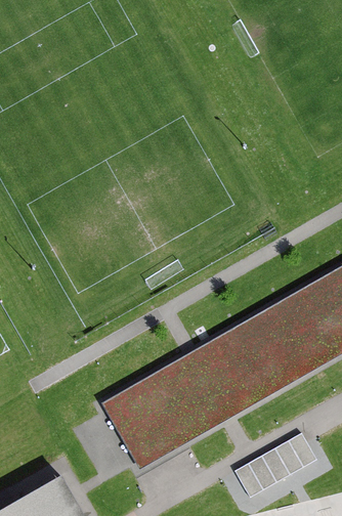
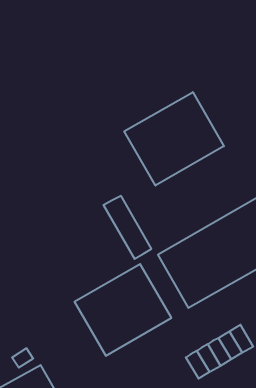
building: none -> [124,92,224,186]
building: [181,346,240,423] -> [103,196,151,259]

